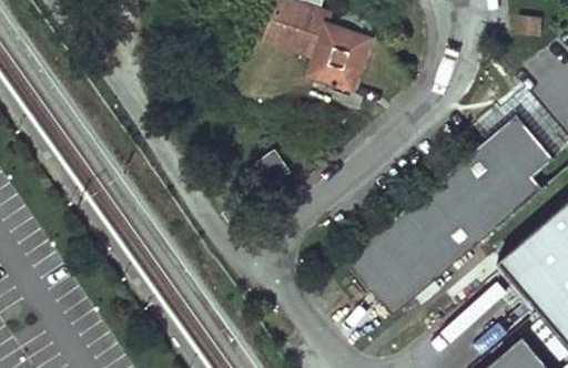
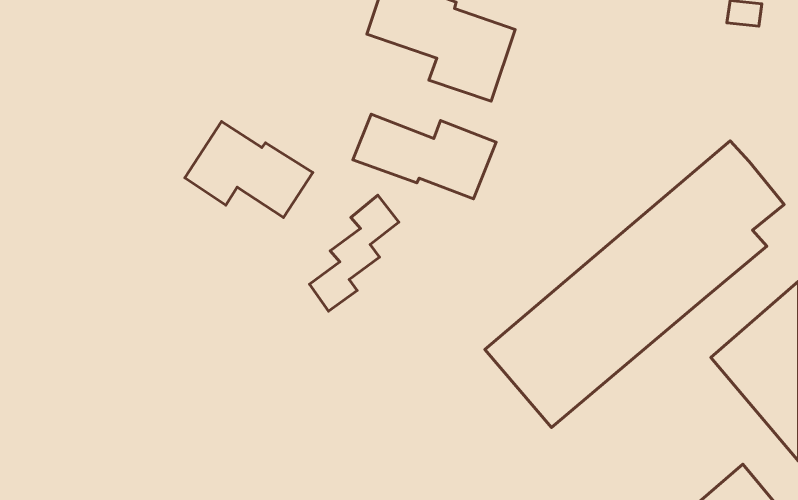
building: none -> [353,114,496,199]
building: none -> [185,121,313,218]

